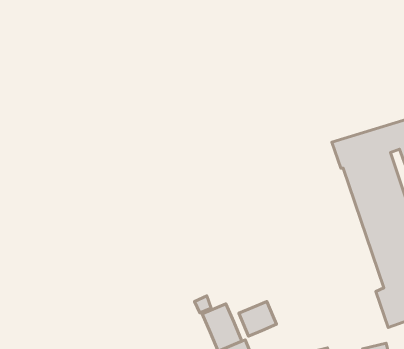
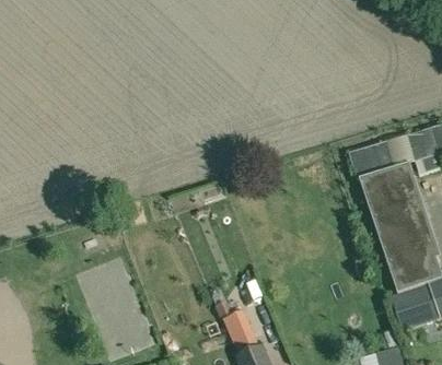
building: [239,301,277,336] -> none

